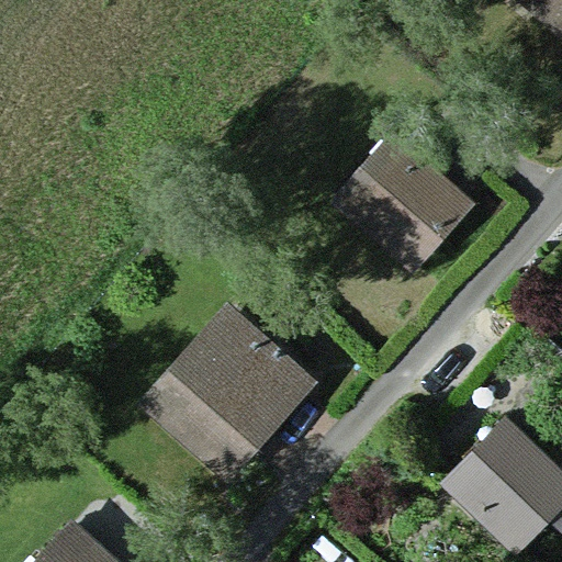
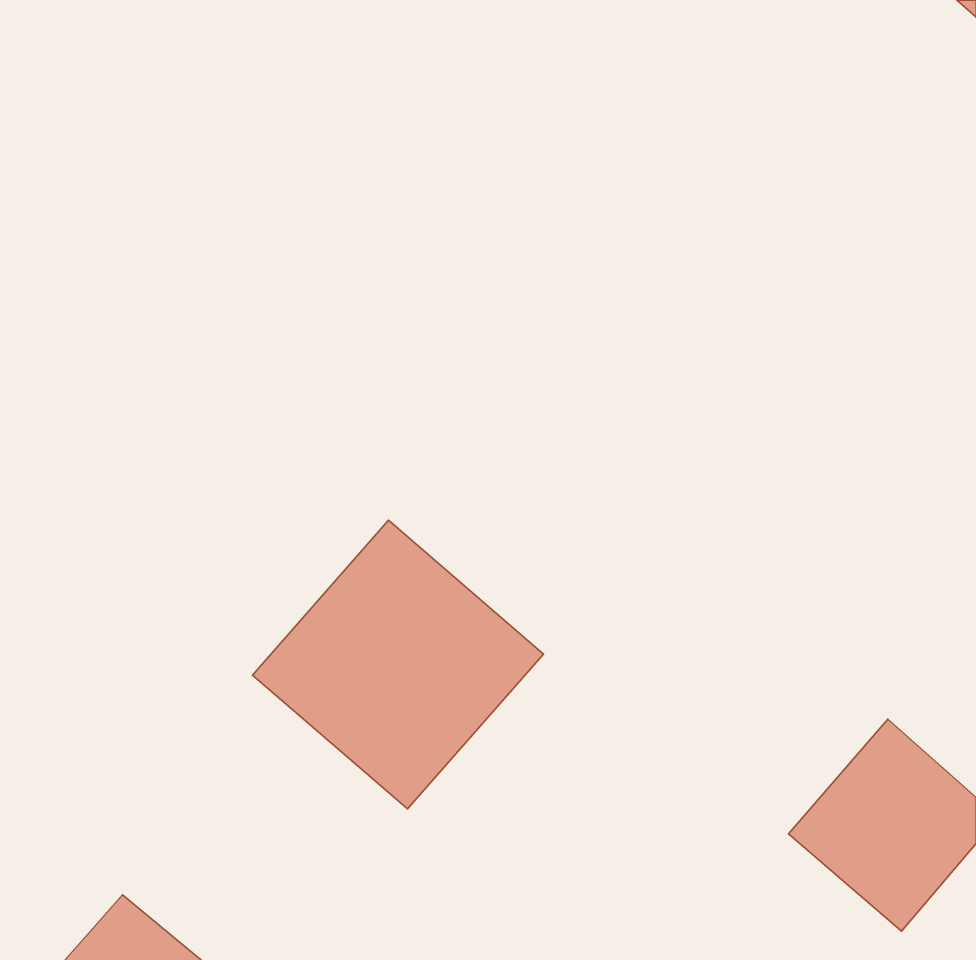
building: [337,135,471,267] -> none

